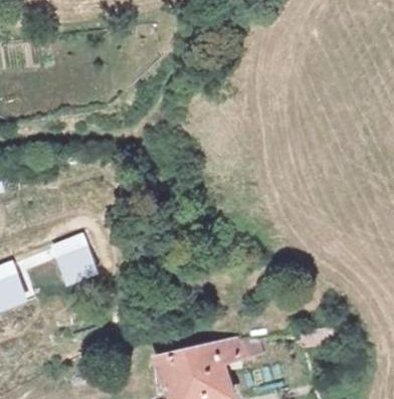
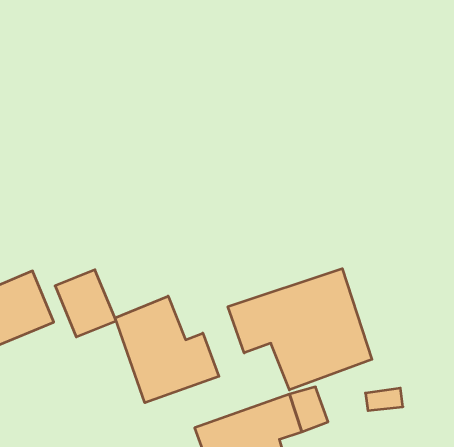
building: none -> [228,269,372,390]
building: none -> [115,296,219,403]

